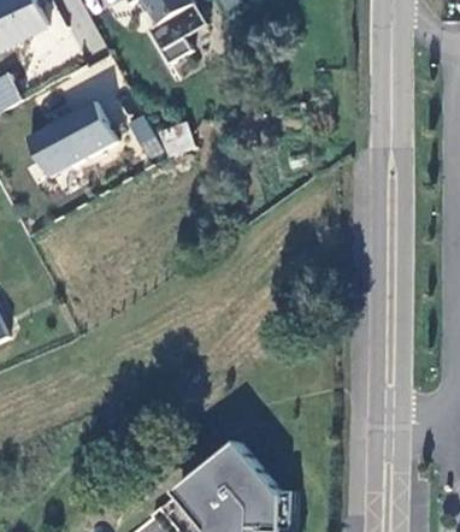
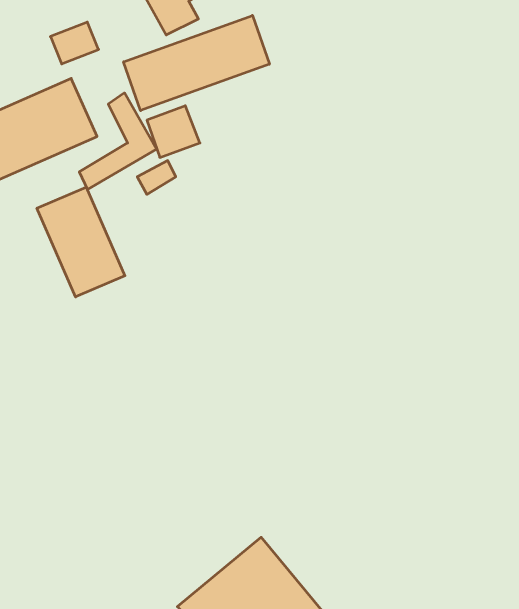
building: none -> [124,15,269,111]
building: none -> [37,187,125,297]

